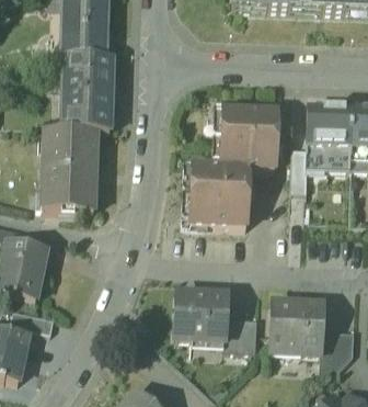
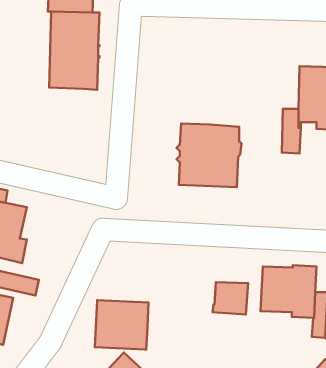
building: [219,109,279,168] -> none
building: [44,127,97,211] -> none
building: [175,293,228,341] -> [95,300,149,349]

